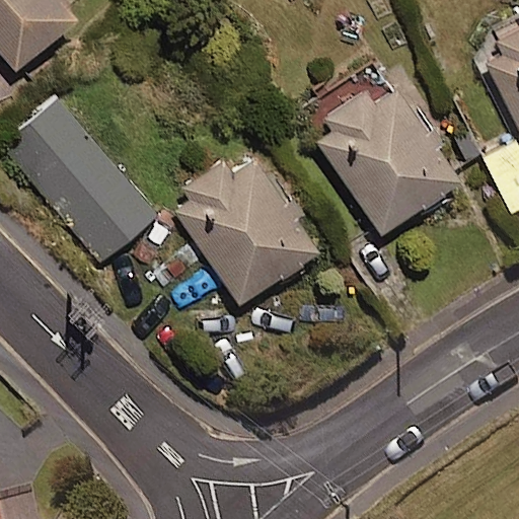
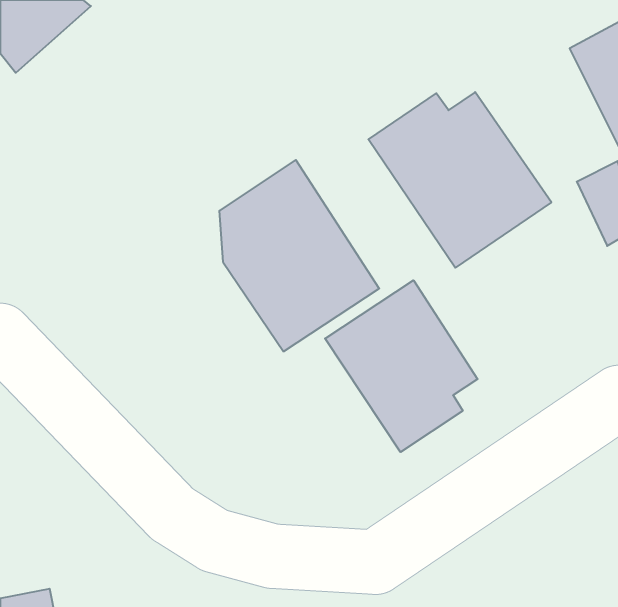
building: [13,102,157,266] -> none
building: none -> [325,280,478,452]

